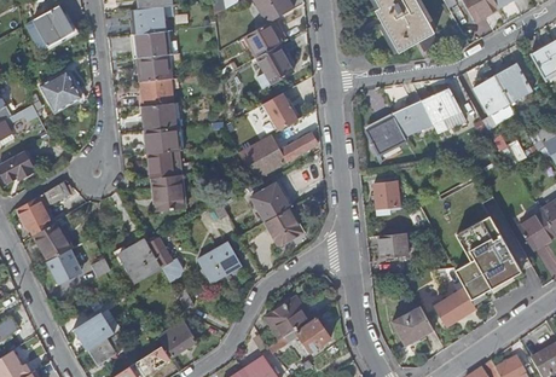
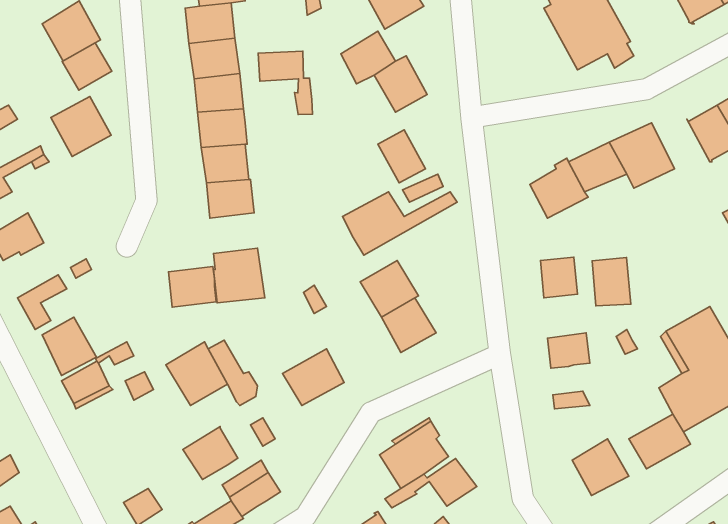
building: none -> [62,43,112,90]
building: none -> [258,51,312,115]
building: [147,150,180,178] -> [169,267,216,307]
building: none -> [592,258,631,306]
building: [75,312,112,348] -> [183,426,238,479]

